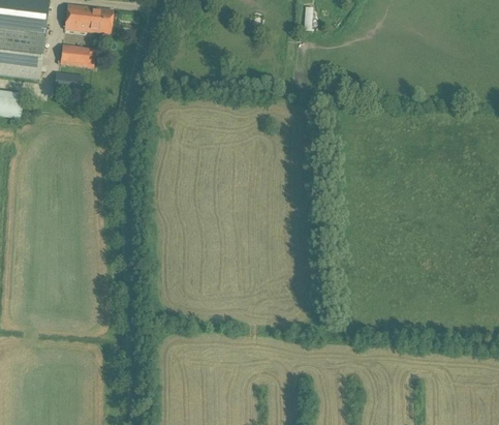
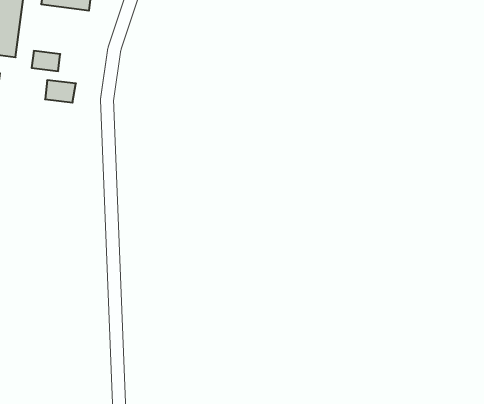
building: [59,44,89,66] -> [45,80,76,103]

